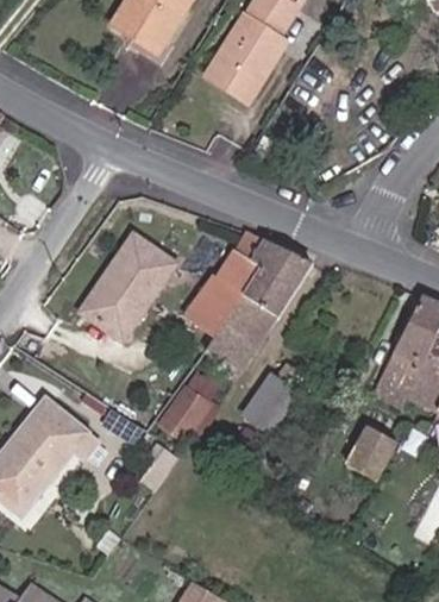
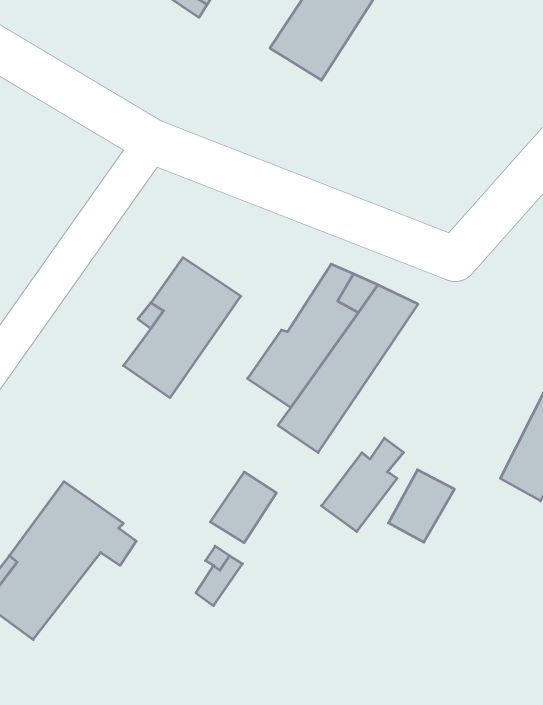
building: [345,429,394,483] -> [388,470,454,542]

